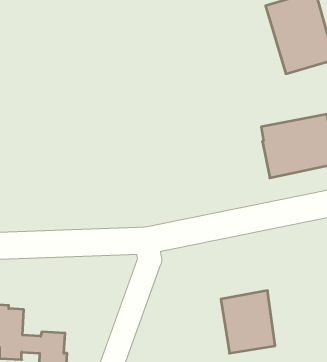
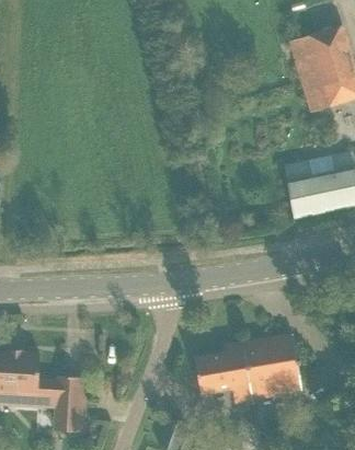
building: none -> [195,343,252,403]

